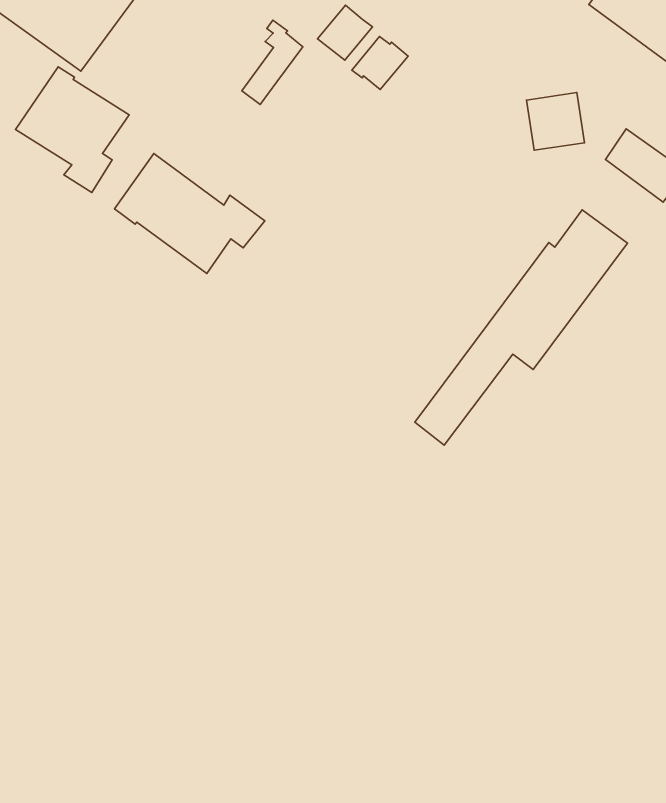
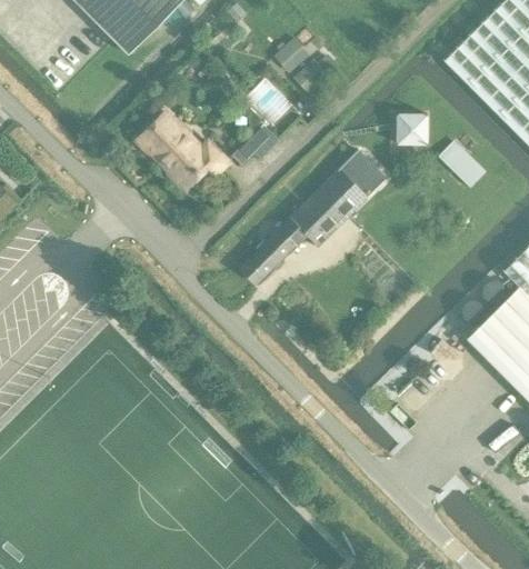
building: [242,20,303,105] -> [232,114,273,164]
building: [15,67,129,193] -> none
building: [415,210,628,445] -> [241,153,387,283]

